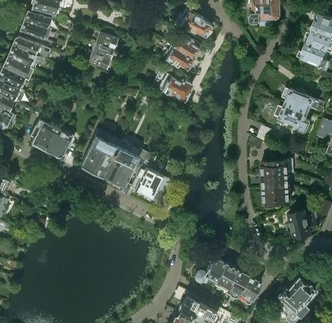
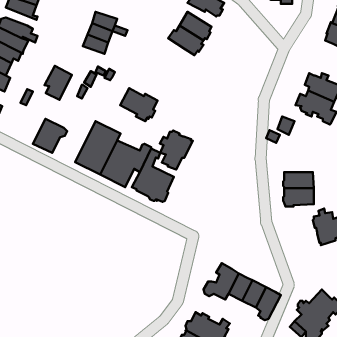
building: [159,74,192,103] -> [120,88,158,121]
building: [30,120,54,150] -> [45,66,72,100]
building: none -> [160,131,193,170]
building: [262,156,289,175] -> none

